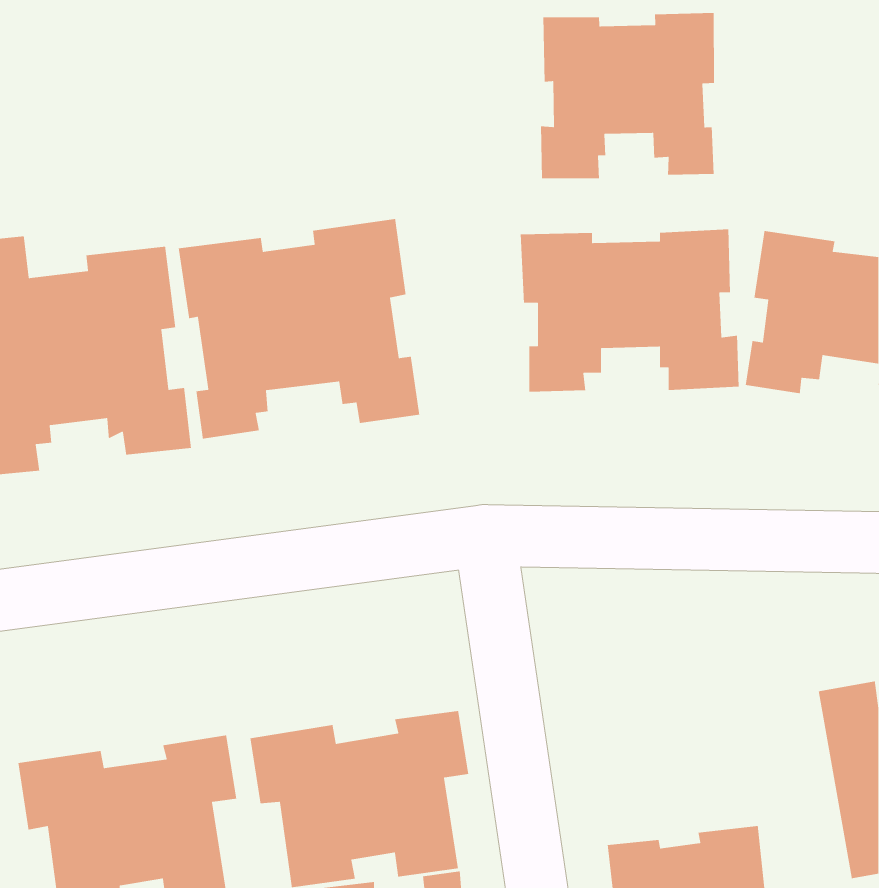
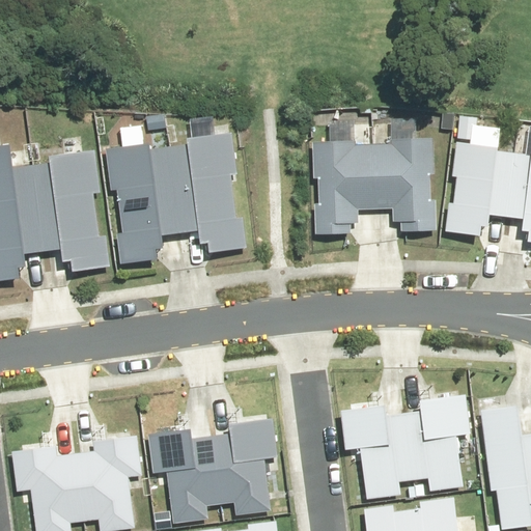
building: [540,12,715,179] -> none
building: none -> [337,387,467,494]

